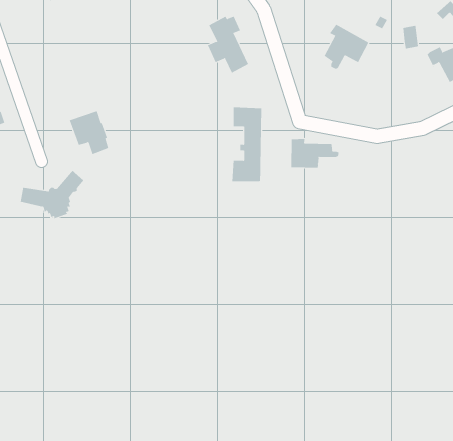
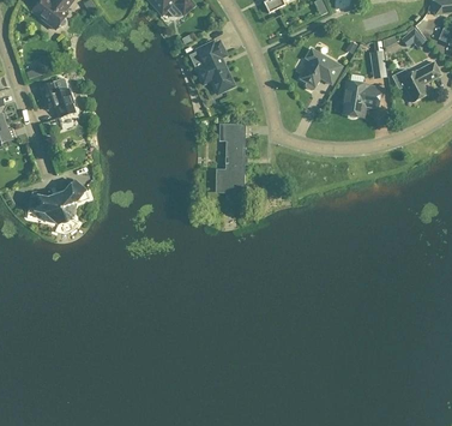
building: none -> [343,80,379,116]
building: [69,111,109,155] -> [38,77,74,116]
building: [291,138,339,169] -> none

